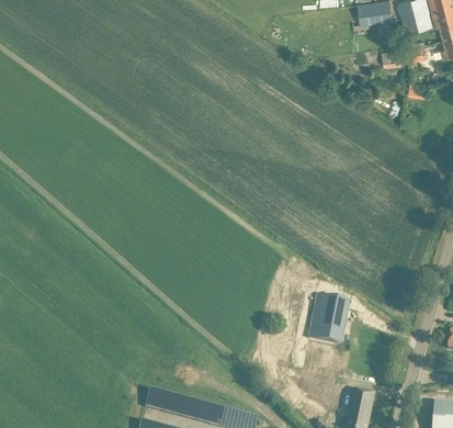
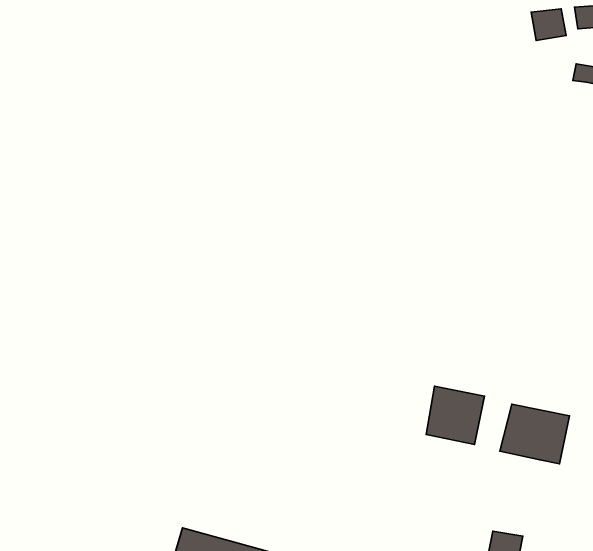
building: none -> [500,404,569,464]

